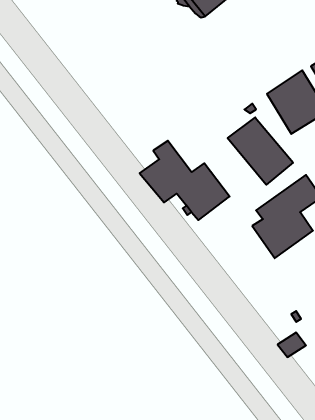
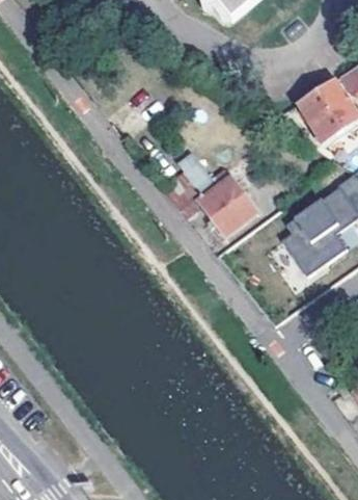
building: [228,117,293,185] -> none

